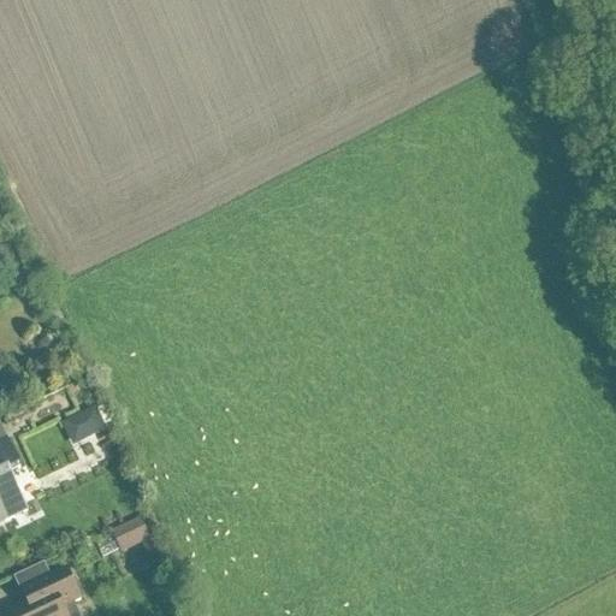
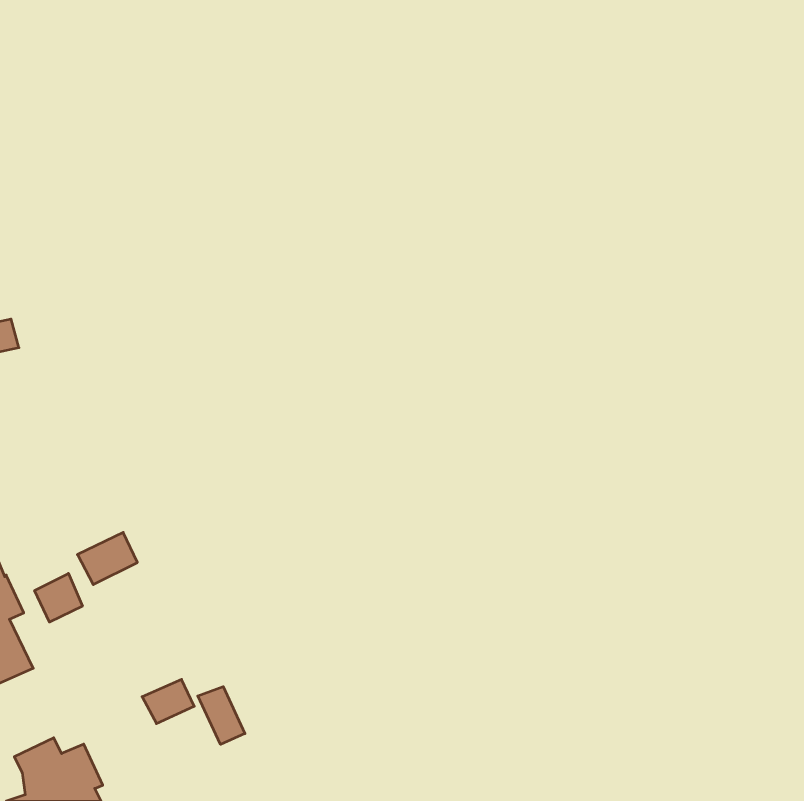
building: none -> [35,573,82,622]
building: none -> [198,687,245,744]

